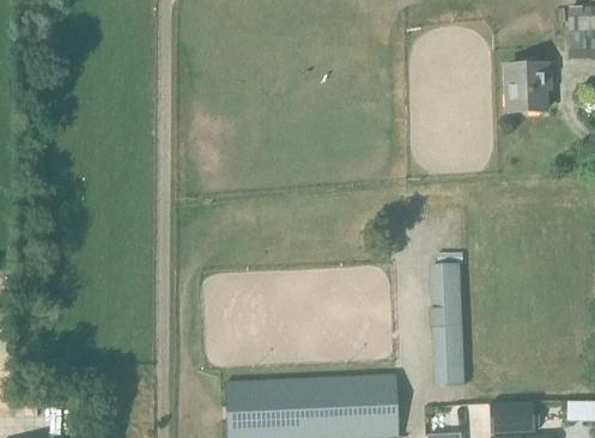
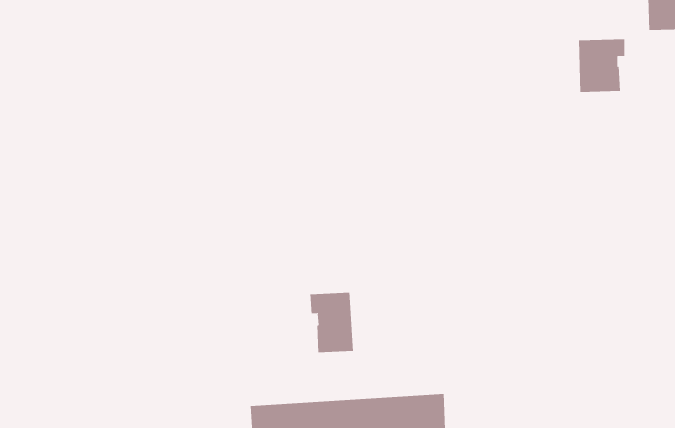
building: [430,262,465,382] -> none
building: none -> [310,292,353,353]

